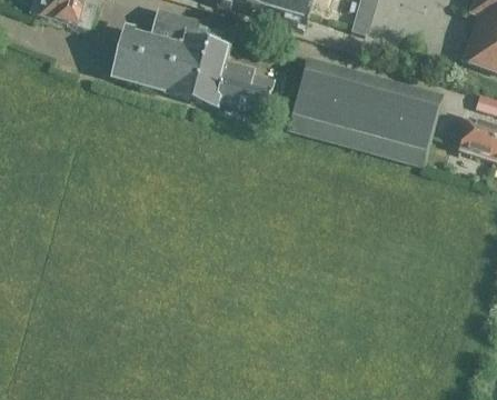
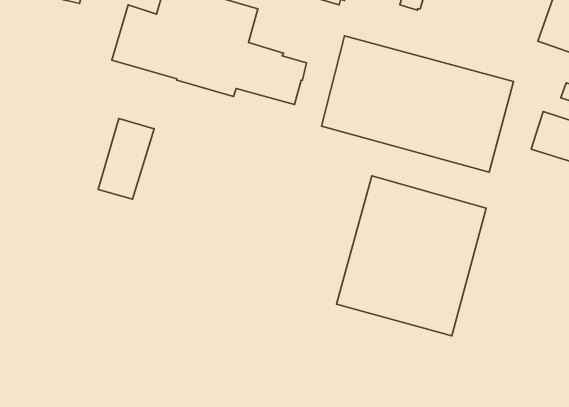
building: none -> [98,118,154,199]
building: none -> [337,176,486,336]

